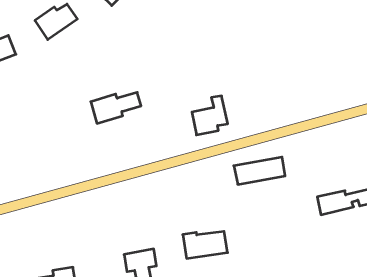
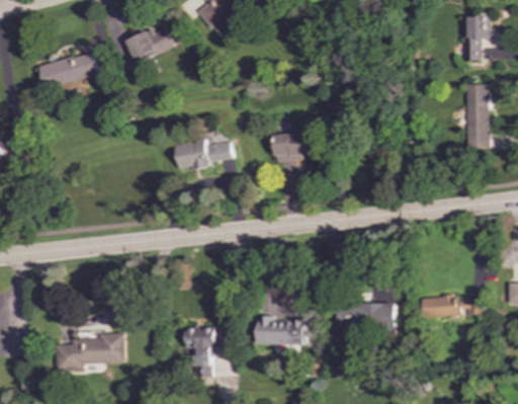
building: none -> [465,84,488,150]
building: [192,96,228,135] -> [274,120,314,161]
building: [234,157,285,184] -> [336,303,394,326]

